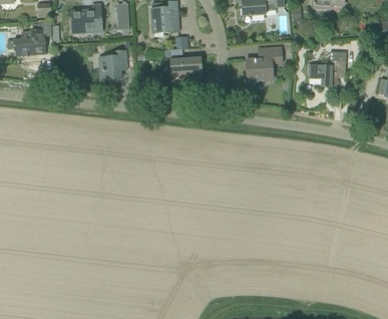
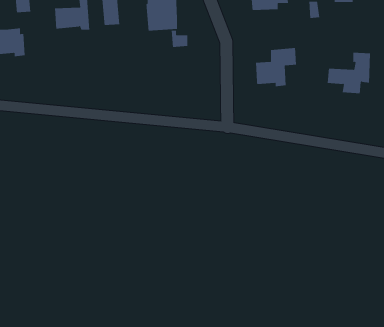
building: [99,50,127,79] -> none
building: [170,57,203,82] -> none

